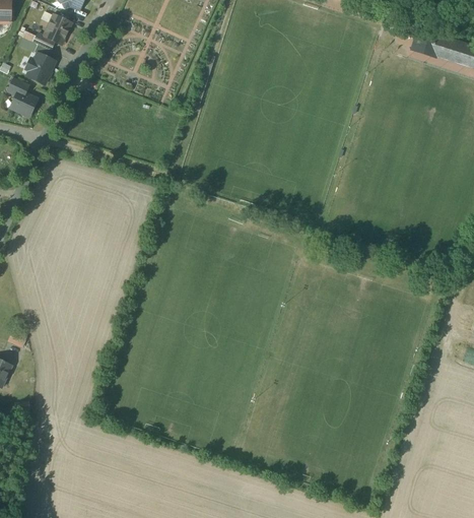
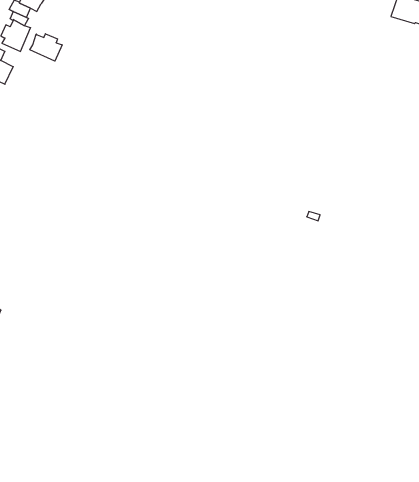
building: none -> [30,34,62,61]

